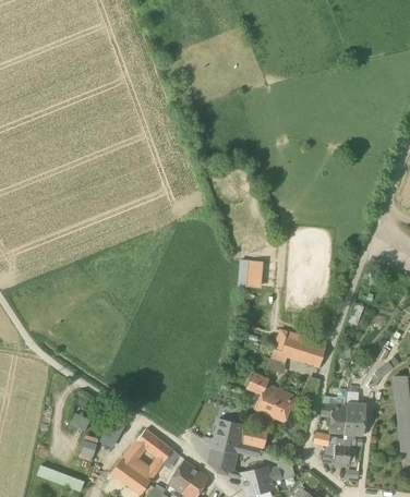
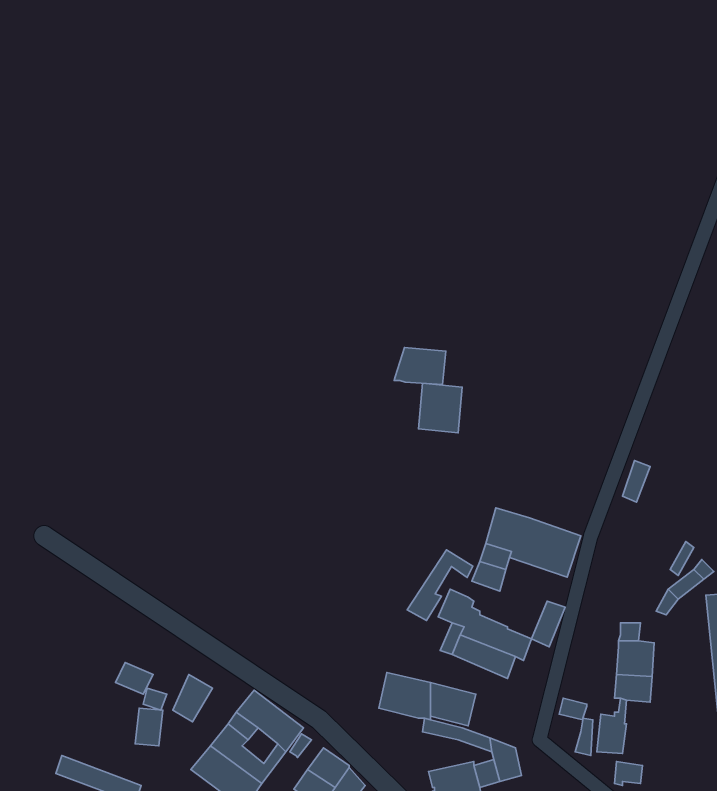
building: none -> [394,348,446,384]
building: none -> [407,550,473,620]
building: [322,404,347,434] -> none
building: [209,439,237,475] -> none

